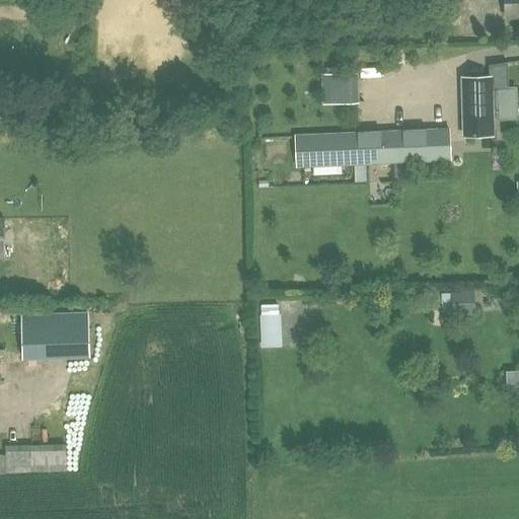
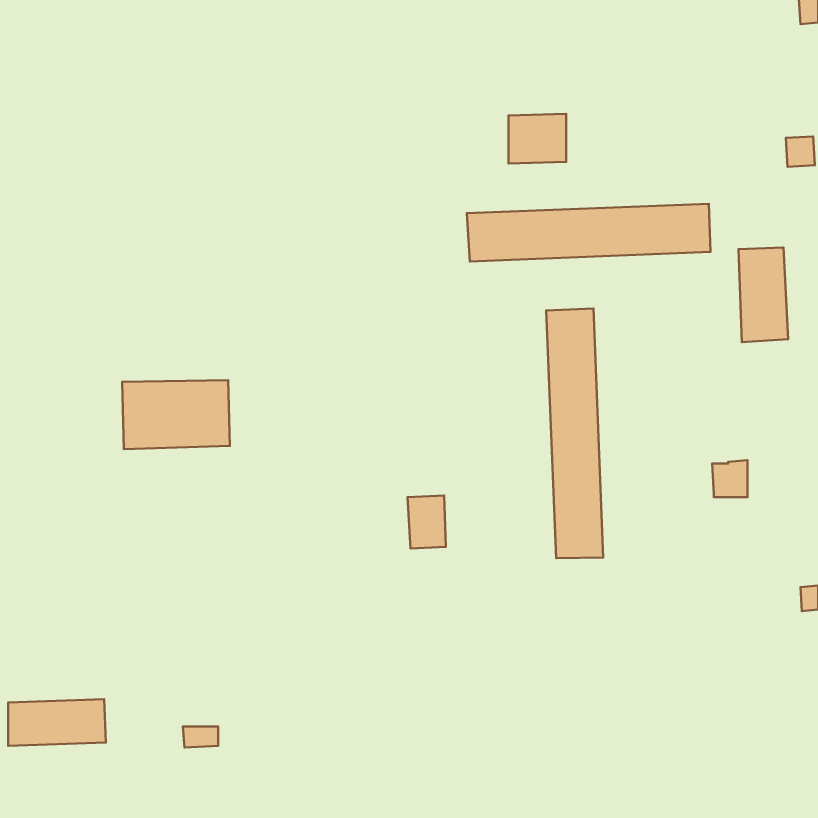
building: [461,76,493,136] -> [739,248,788,342]
building: none -> [546,308,603,558]
building: [21,313,89,357] -> [122,380,230,449]

